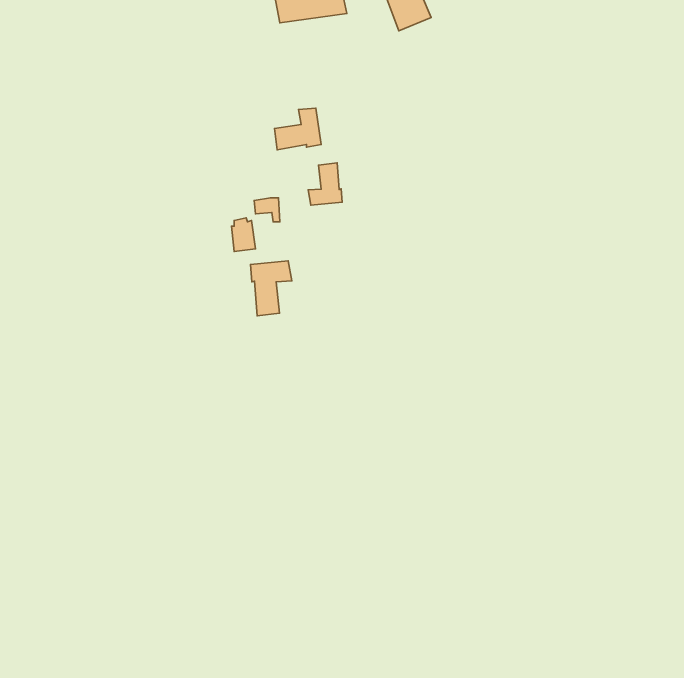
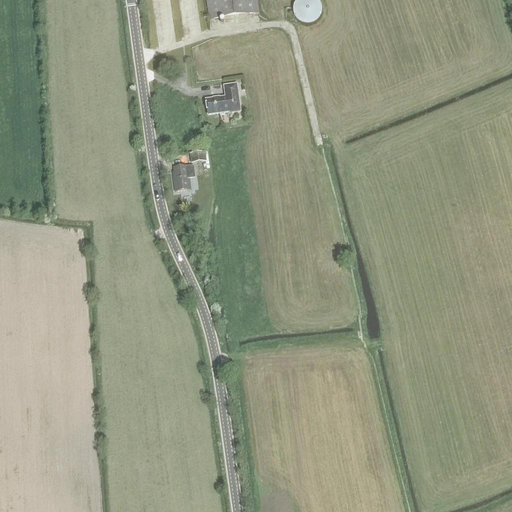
building: [308,163,342,205] -> none
building: [251,261,292,316] -> none

